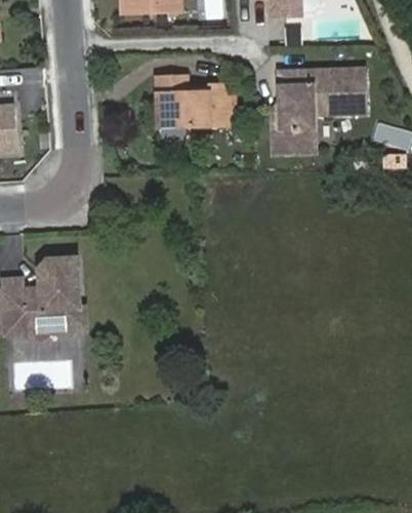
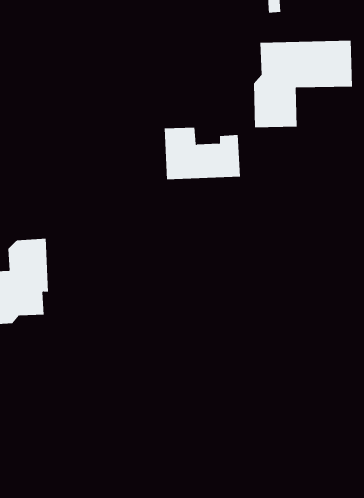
building: [156,75,229,125] -> [164,127,241,180]

